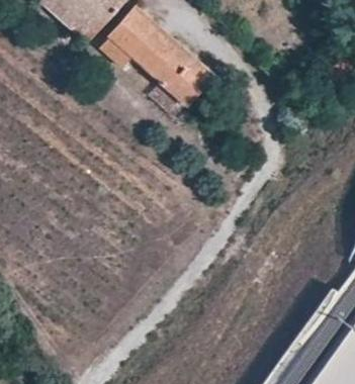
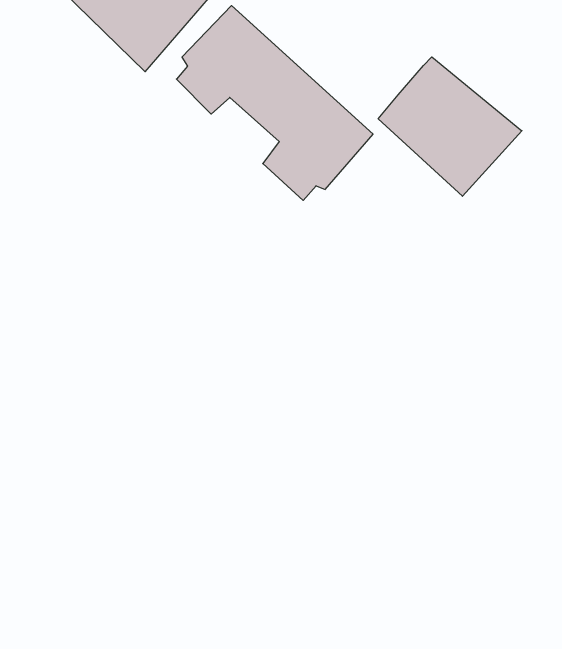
building: none -> [378,57,522,196]

